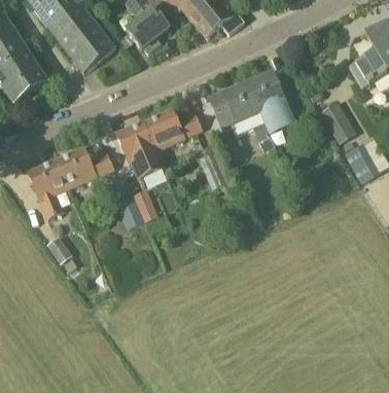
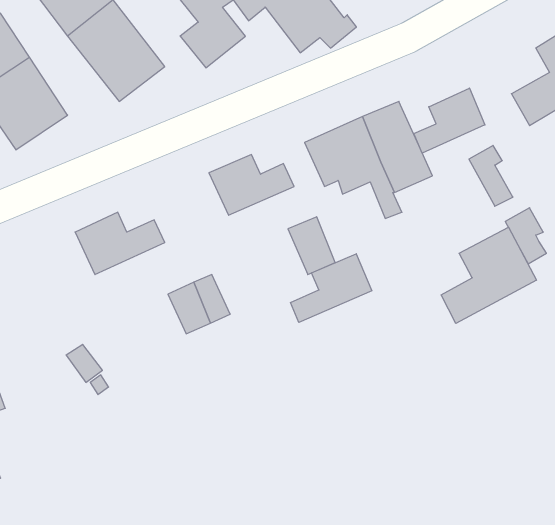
building: none -> [414,88,485,153]
building: [116,119,164,177] -> none
building: none -> [441,227,536,323]
building: [27,159,67,217] -> none
building: none -> [291,254,372,322]

